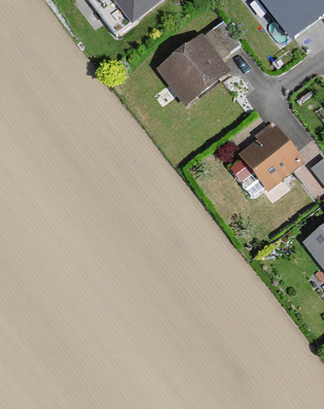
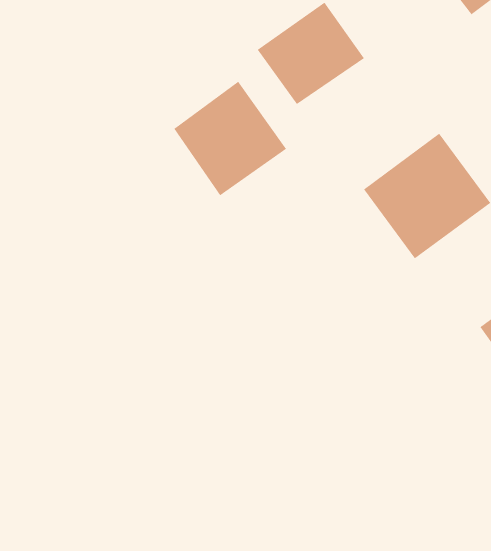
building: none -> [173,81,287,196]

